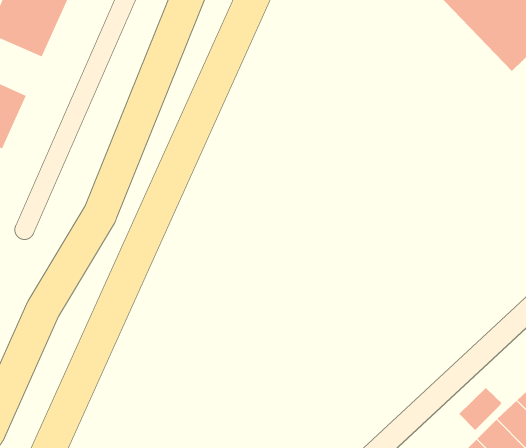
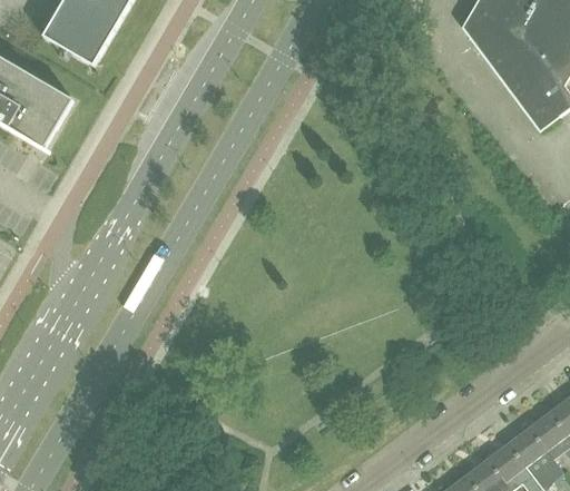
building: [459,387,503,431] -> none

